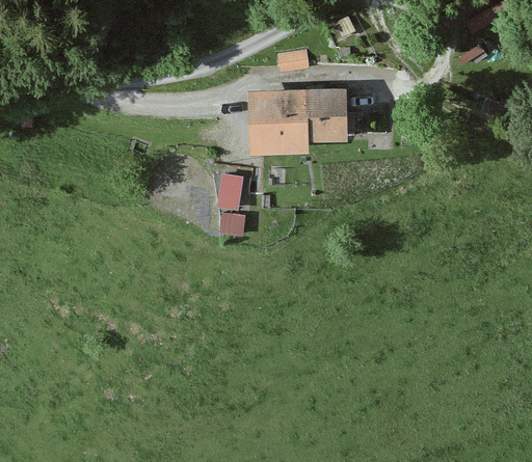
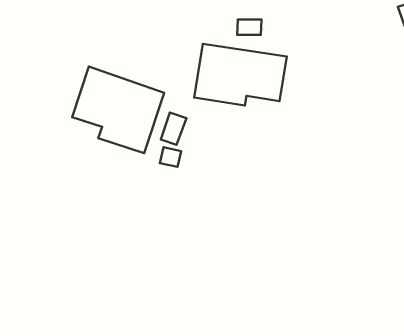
building: none -> [72,67,164,153]

